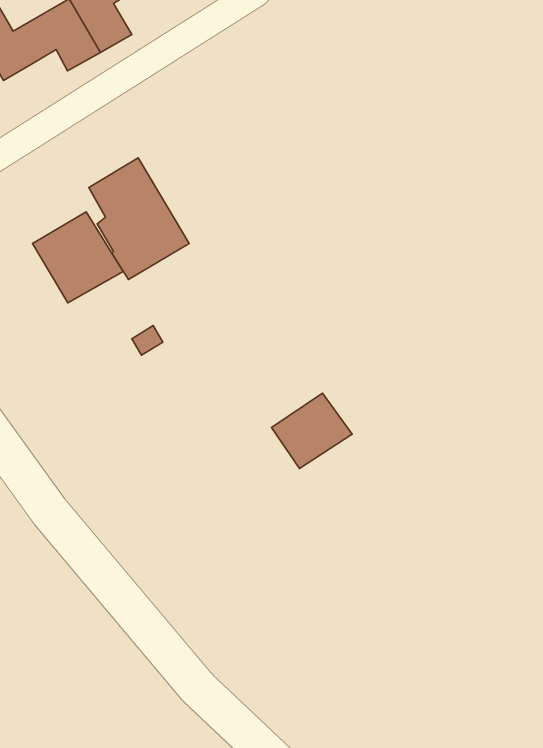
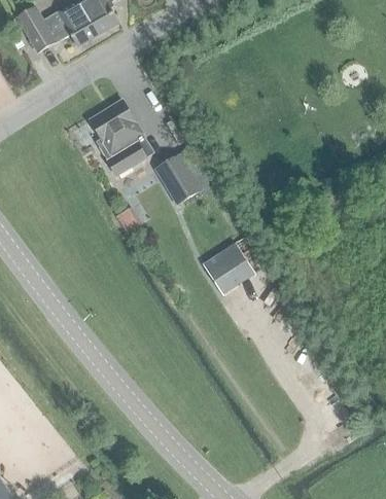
building: [32,212,123,303] -> none
building: none -> [153,151,203,205]

